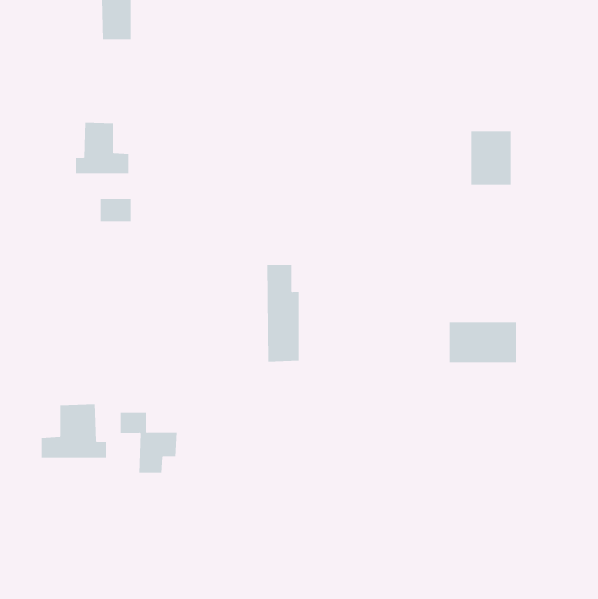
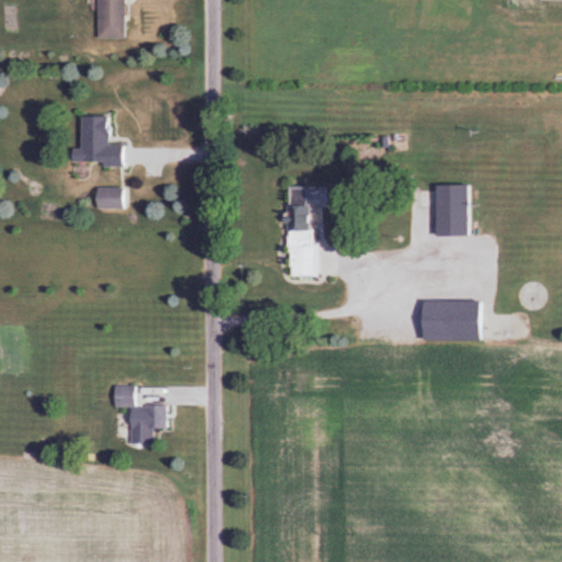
building: [470,131,511,185] -> [434,184,472,235]
building: [266,265,299,362] -> [288,186,318,277]
building: [41,404,107,459] -> none

